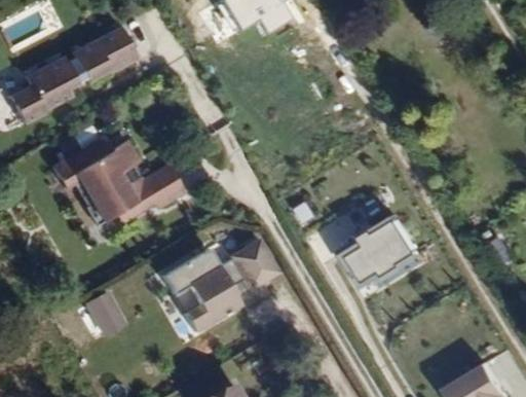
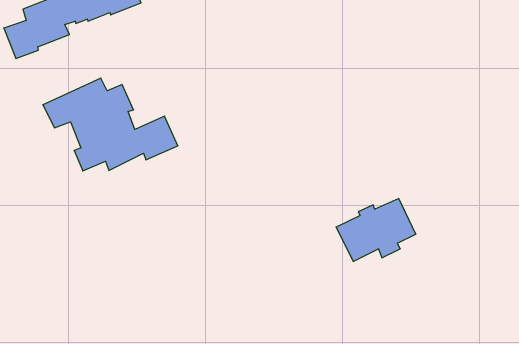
building: [159,241,275,333] -> none
building: [88,294,125,337] -> none

